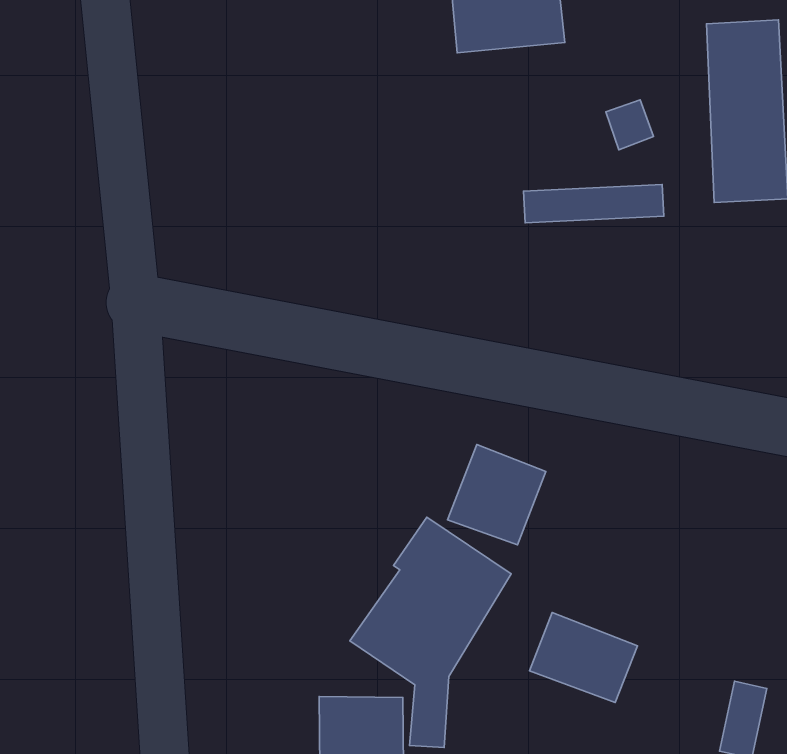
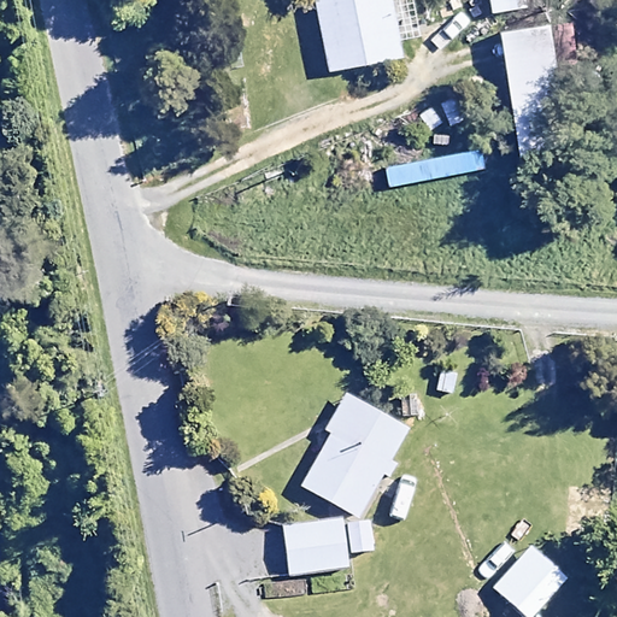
building: [448,444,546,545] -> none
building: [530,613,637,702] -> none

